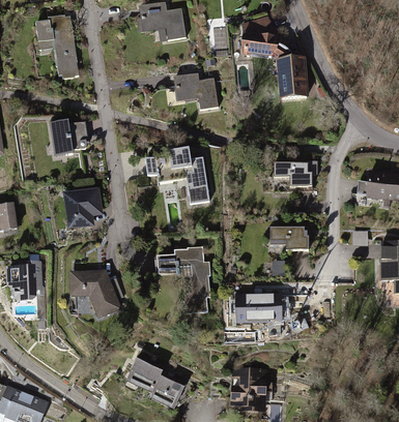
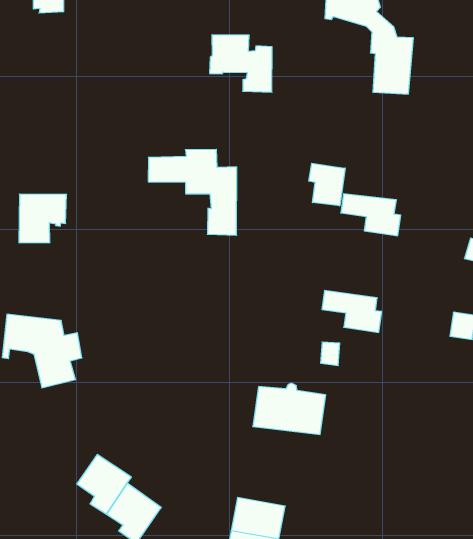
building: [50,121,86,156] -> none
building: none -> [309,163,345,206]
building: [156,246,209,312] -> none

